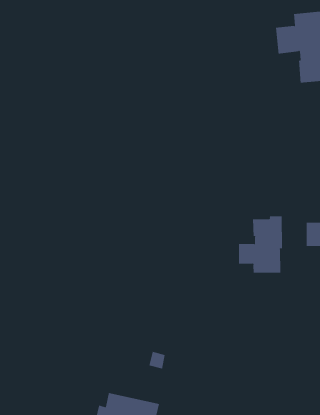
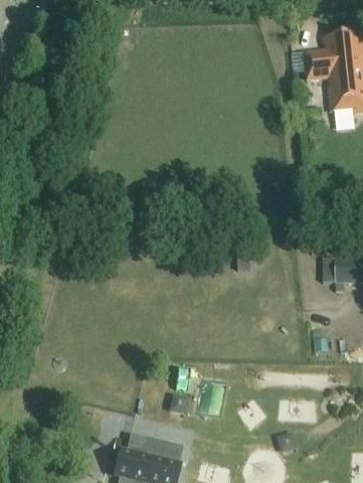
building: [239,215,283,273] -> none

